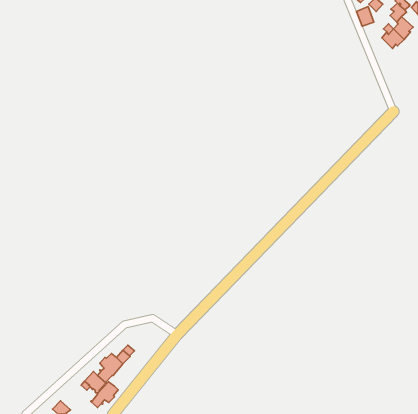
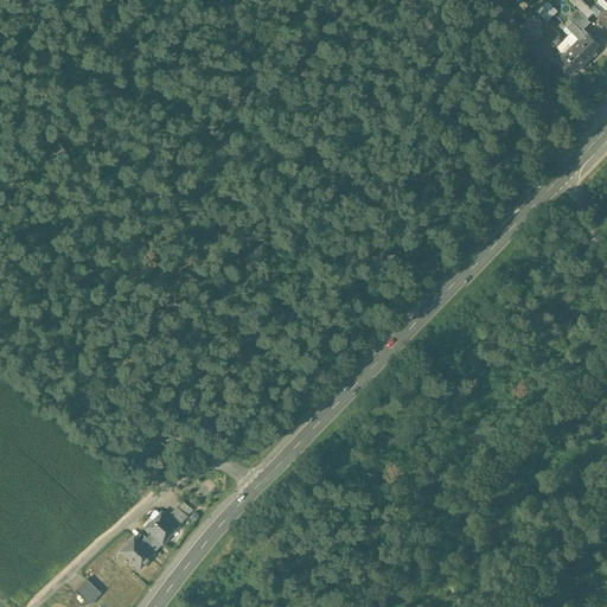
building: [91,382,118,407] -> none

